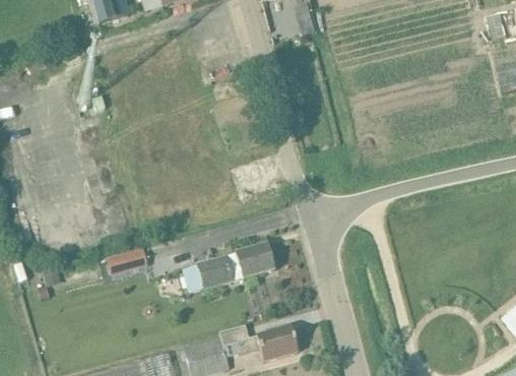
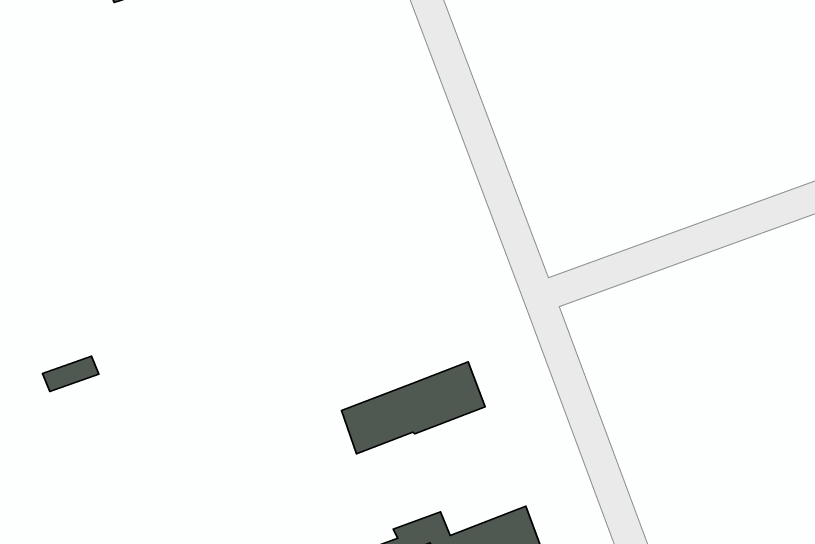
building: [106,247,147,275] -> none

